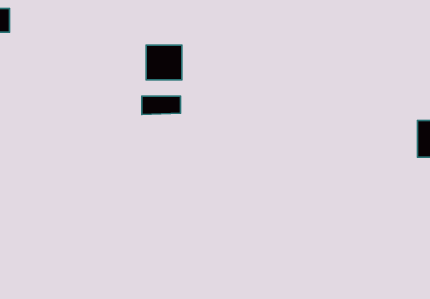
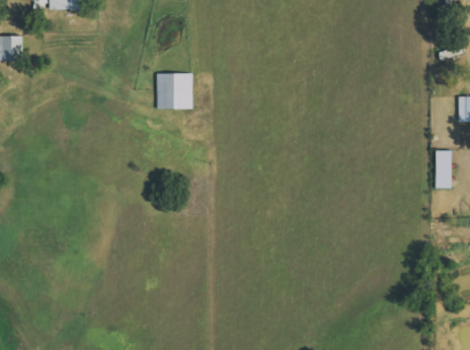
building: [142,96,180,114] -> none

